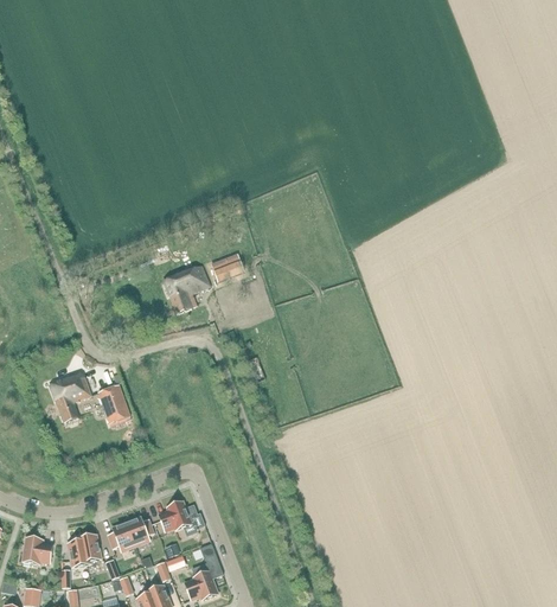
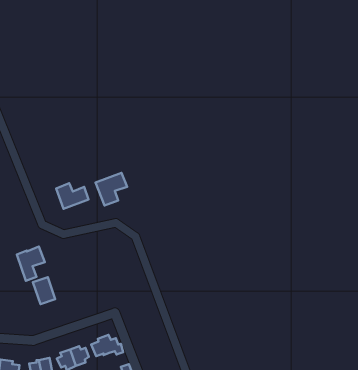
building: [210,253,243,281] -> none
building: none -> [56,183,88,209]
building: [97,384,129,423] -> [33,277,55,304]

